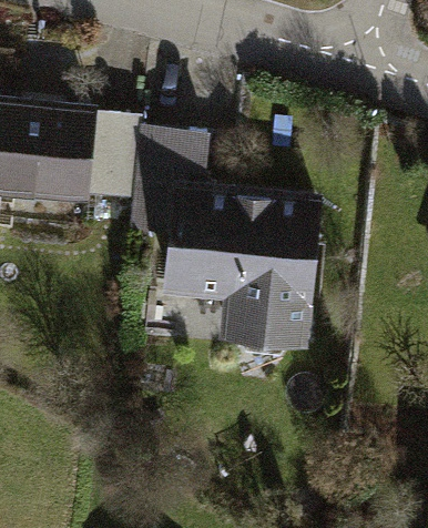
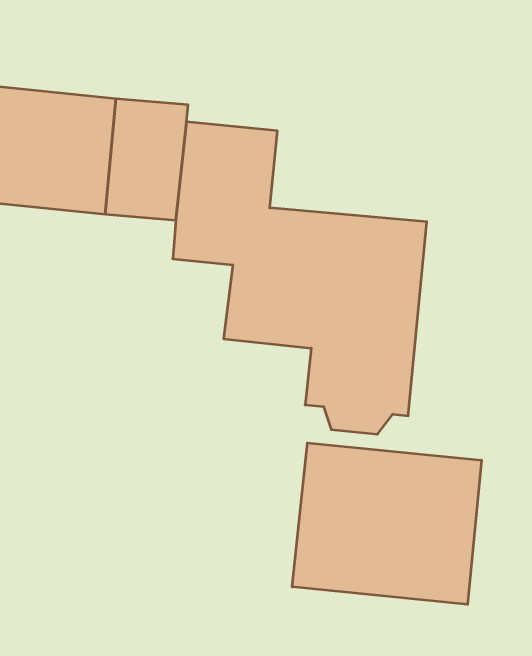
building: none -> [292,443,481,604]

